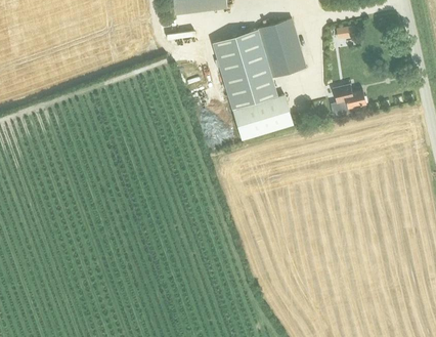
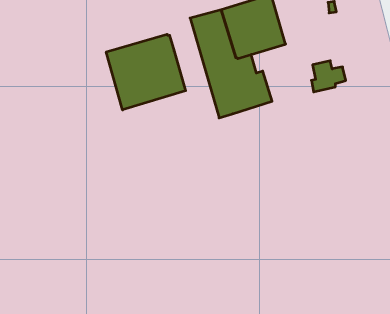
building: none -> [106,34,186,110]

